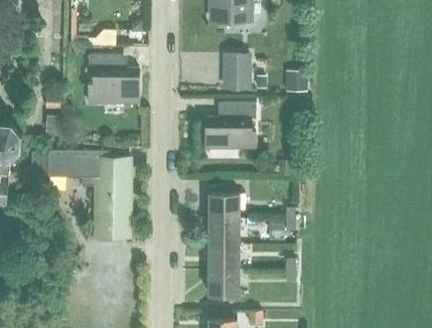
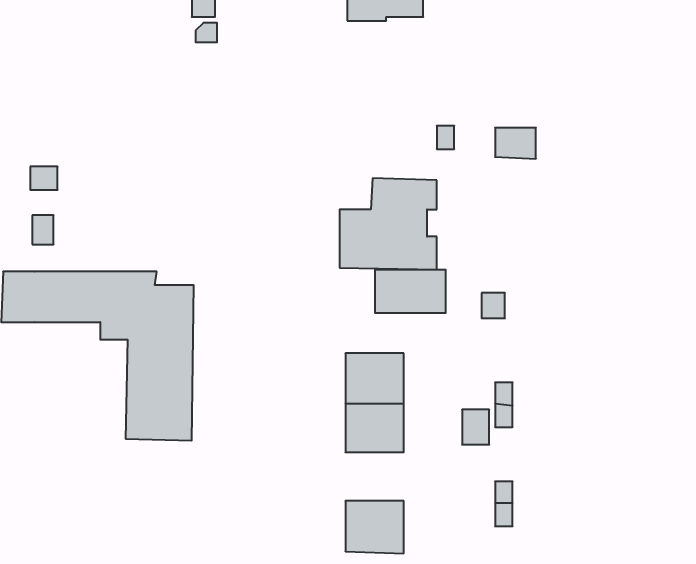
building: [88,54,139,110] -> none
building: [225,54,249,88] -> none
building: none -> [375,270,446,313]
building: [208,243,239,269] -> none

